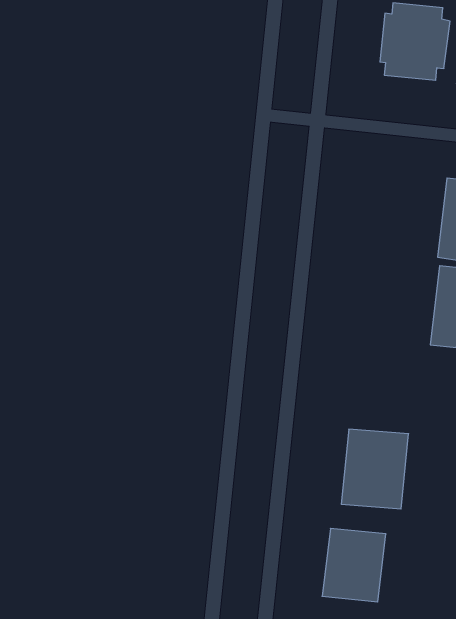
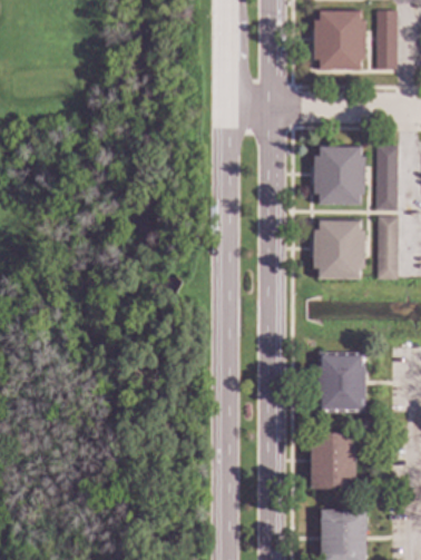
building: none -> [314,146,365,205]
building: none -> [313,220,365,278]

